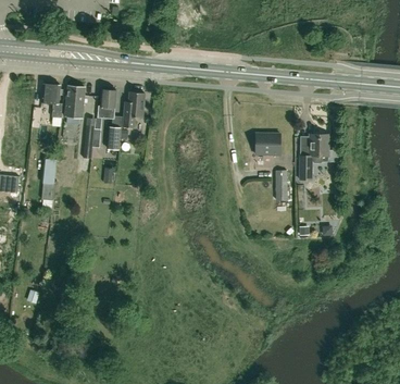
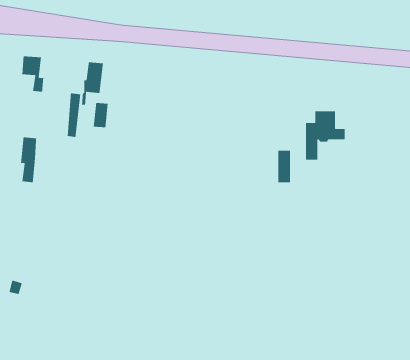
building: [64,86,85,117] -> none
building: [122,91,145,127] -> none
building: [255,133,280,154] -> none

